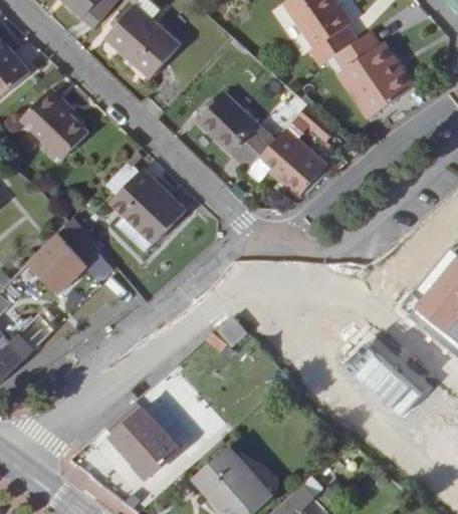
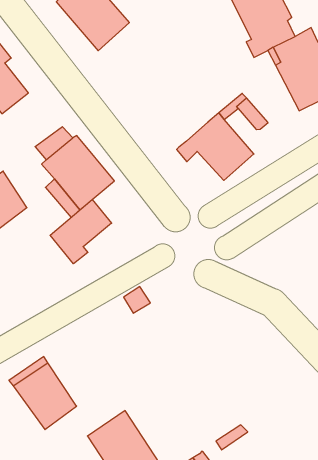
building: [197,92,274,169] -> none
building: none -> [50,199,112,264]

